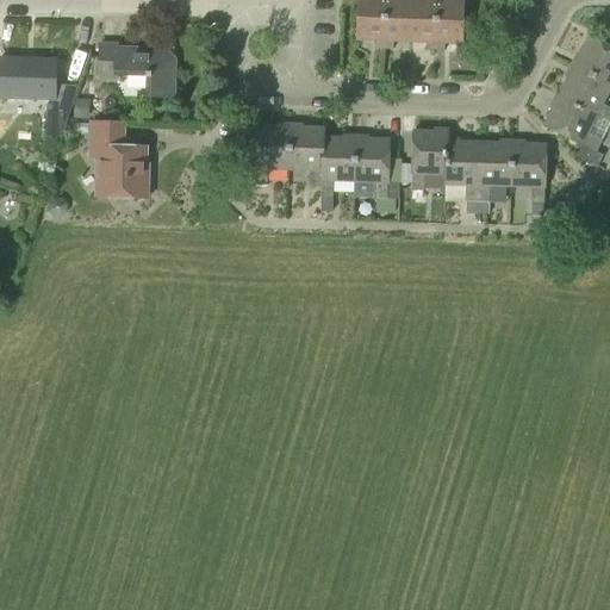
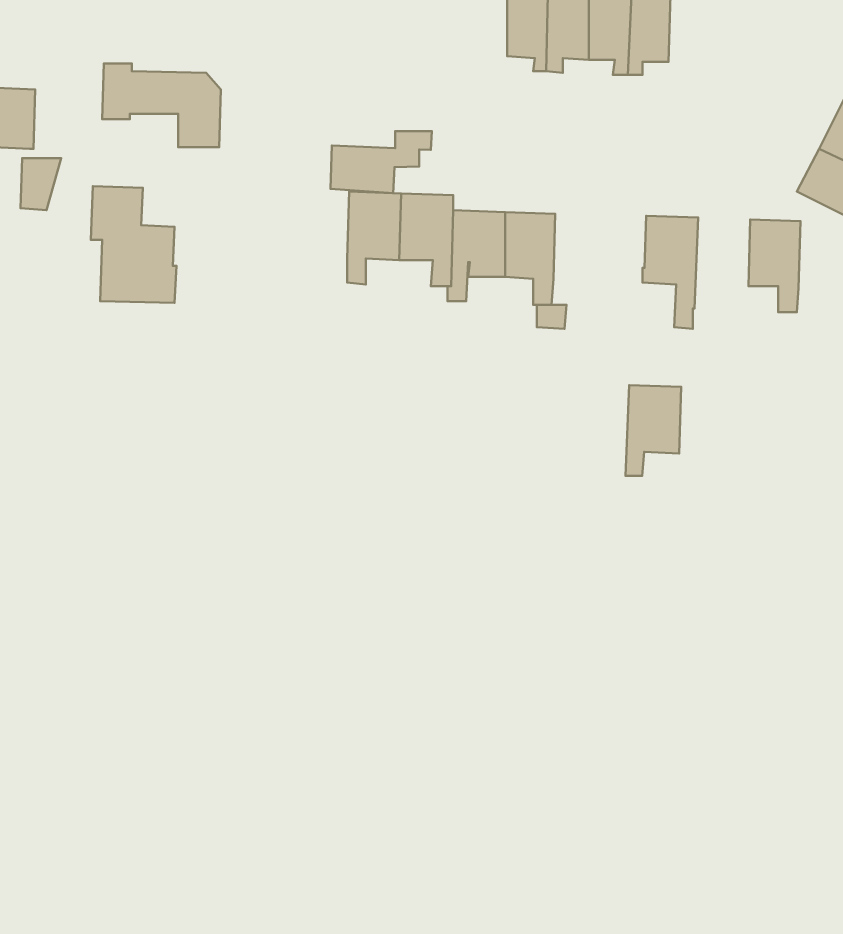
building: none -> [331,131,432,193]
building: [412,129,448,188] -> none
building: [479,141,515,199] -> [625,385,681,476]

